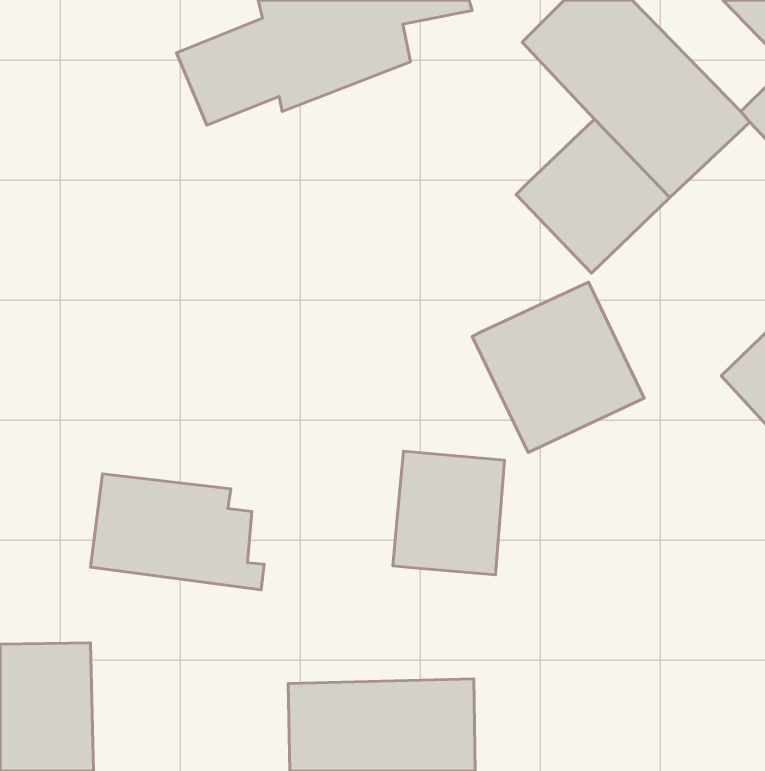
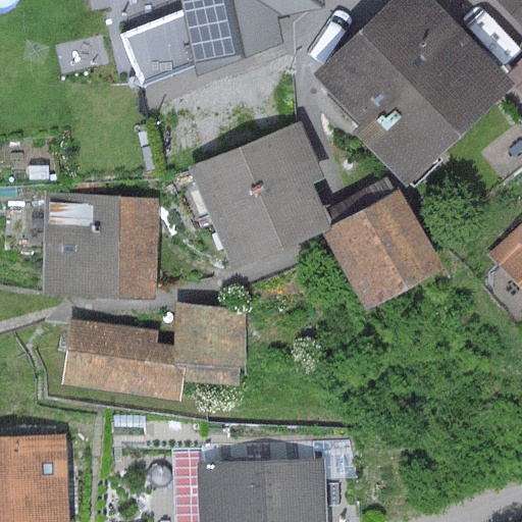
building: none -> [311,29,406,123]
building: none -> [189,119,329,269]
building: none -> [44,195,159,299]
building: [393,451,505,575] -> [171,303,247,386]

